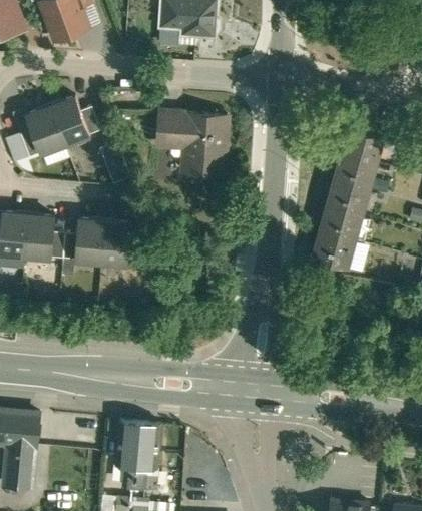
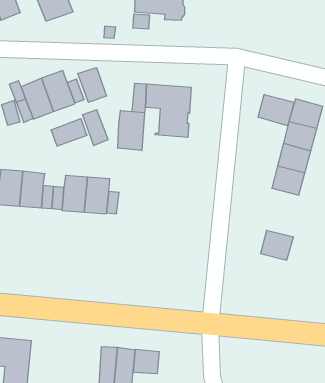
building: none -> [78,68,107,102]
building: none -> [258,94,294,126]
building: none -> [118,110,145,151]
building: none -> [51,119,87,146]
building: [314,235,353,271] -> [260,230,294,260]
building: none -> [134,349,159,374]

